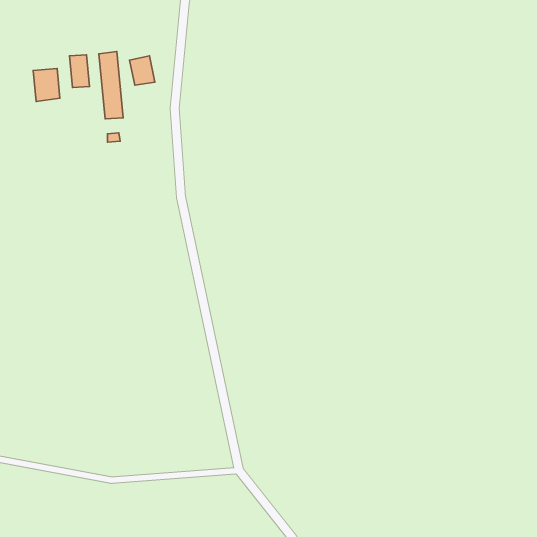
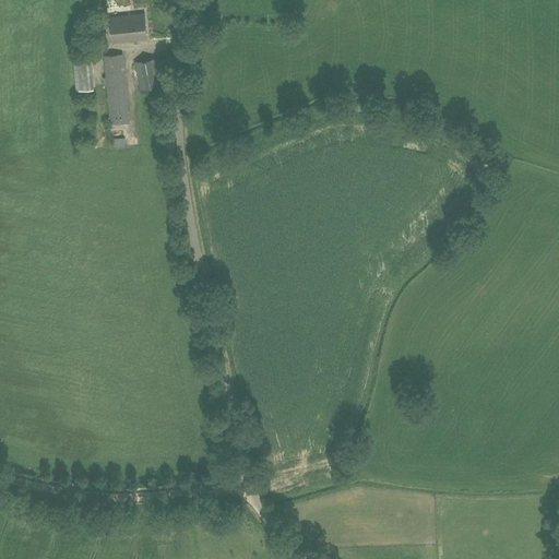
building: none -> [109,14,146,43]
building: [33,68,60,102] -> none

